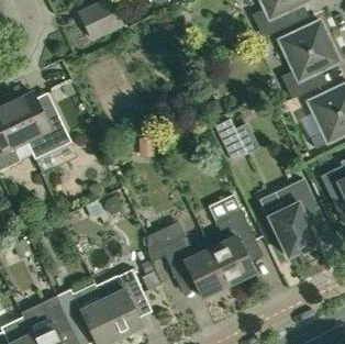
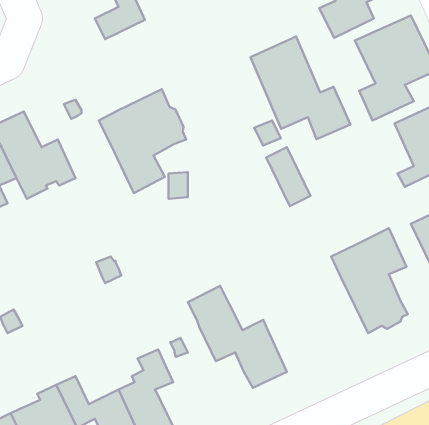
building: none -> [251,37,350,139]
building: none -> [99,89,186,193]
building: [209,195,255,285] -> none

